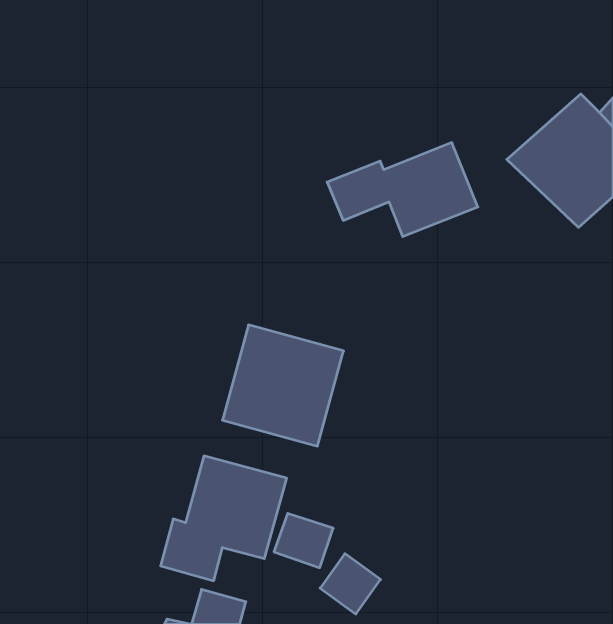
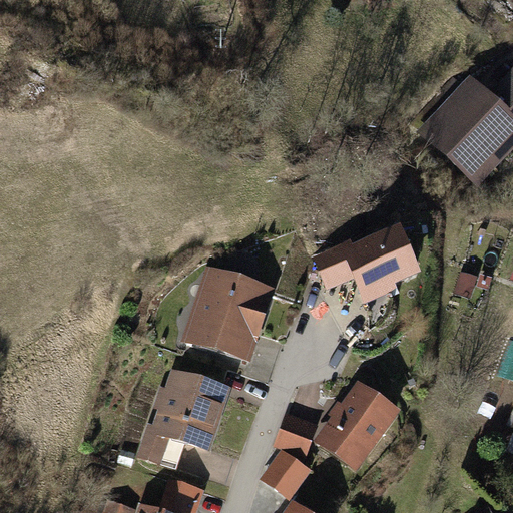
building: [327,143,478,237] -> [311,222,433,299]
building: none -> [322,380,412,472]
building: [274,513,333,568] -> [272,414,320,458]

